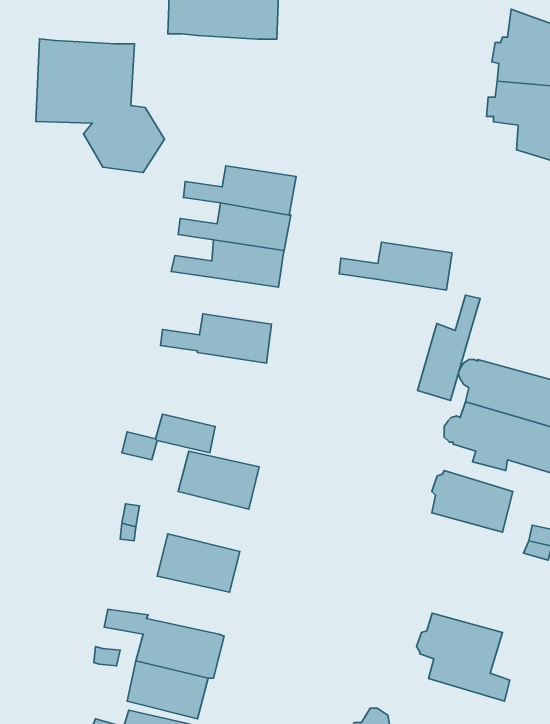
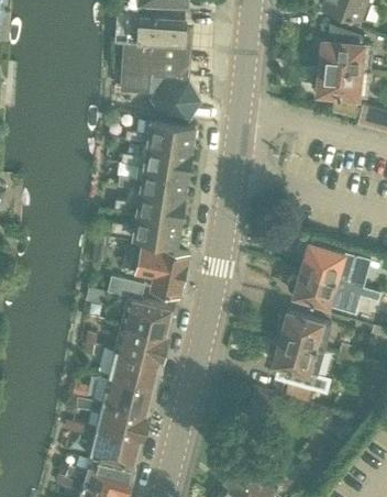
building: [36,39,164,173] -> [121,38,201,122]
building: [339,242,452,290] -> [113,190,184,220]
building: [417,295,480,400] -> none
building: none -> [135,246,188,297]
building: none -> [114,324,168,363]
building: none -> [101,377,153,413]
building: [416,613,510,701] -> [269,338,328,393]

